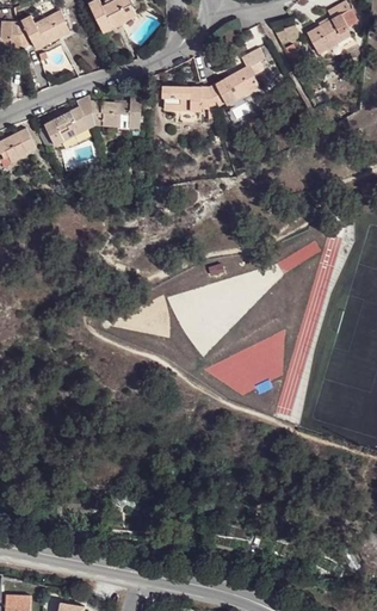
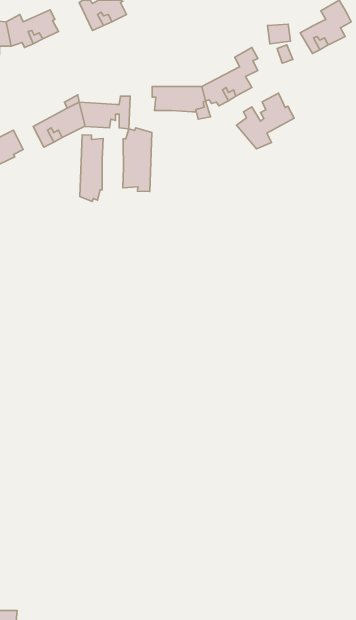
building: none -> [237,93,294,149]
building: none -> [123,128,152,192]
building: none -> [80,135,103,202]

